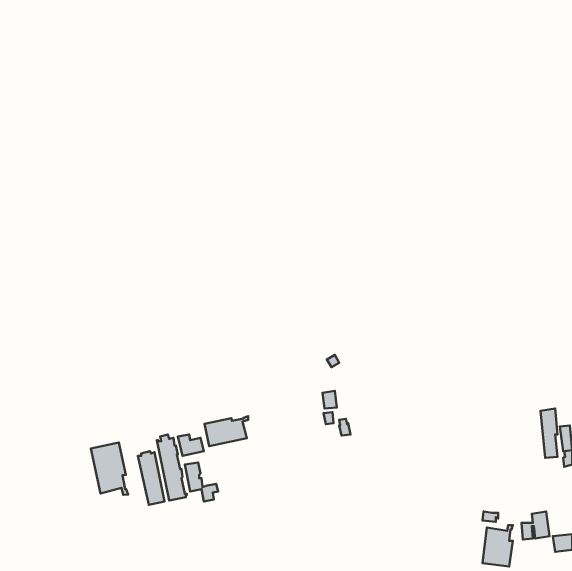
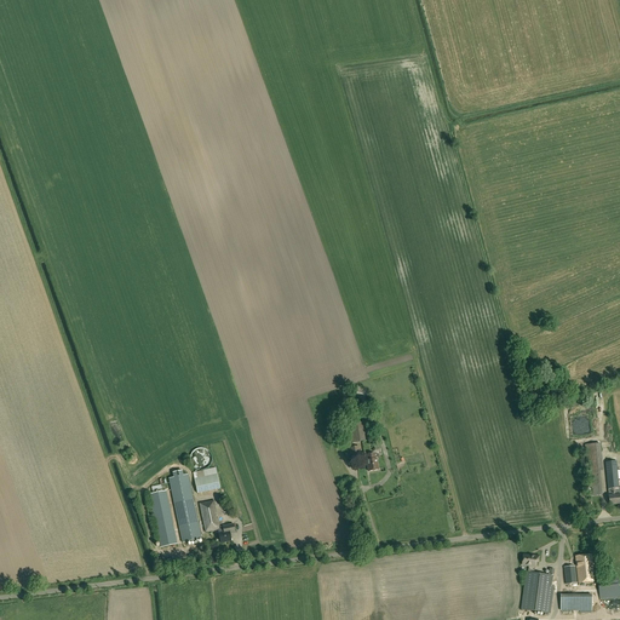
building: [205,416,248,446] -> none
building: [91,443,128,495] -> none
building: none -> [561,592,592,612]

